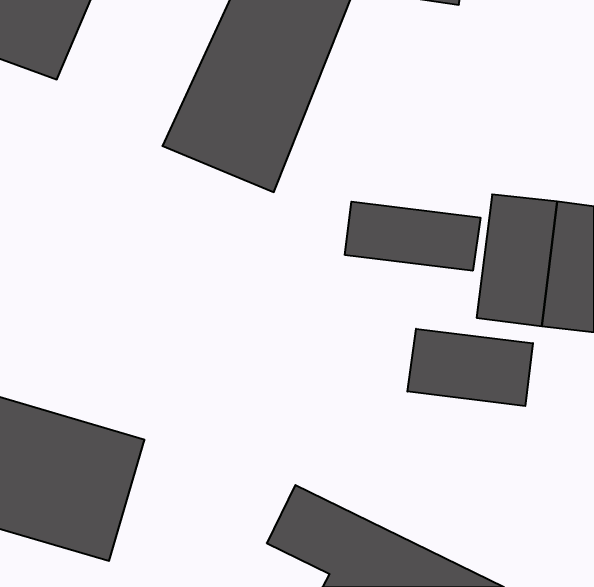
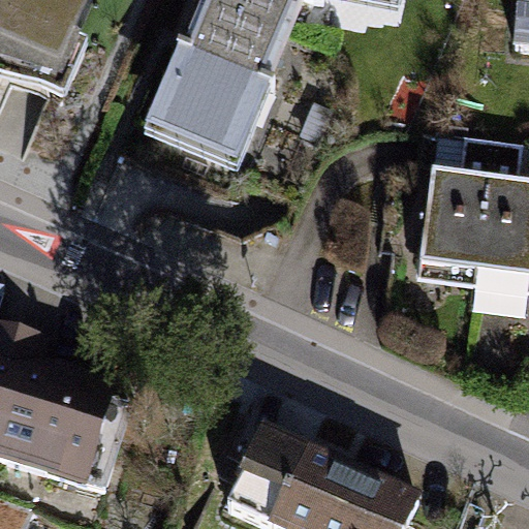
building: [345,202,480,271] -> none
building: [407,329,533,406] -> none

